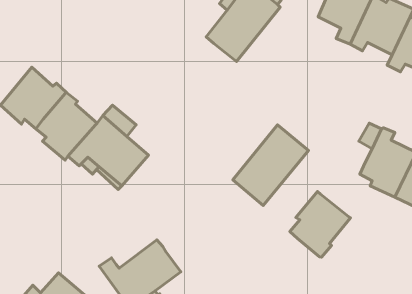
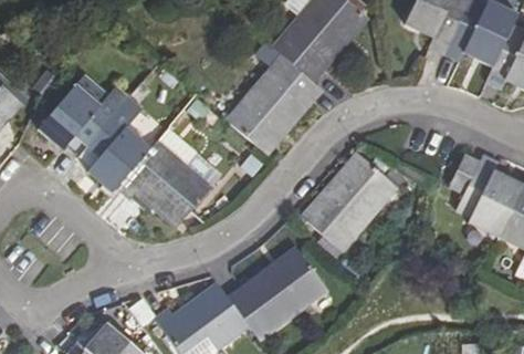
building: none -> [232,55,323,150]
building: [290,191,350,257] -> none
building: none -> [230,249,324,334]

